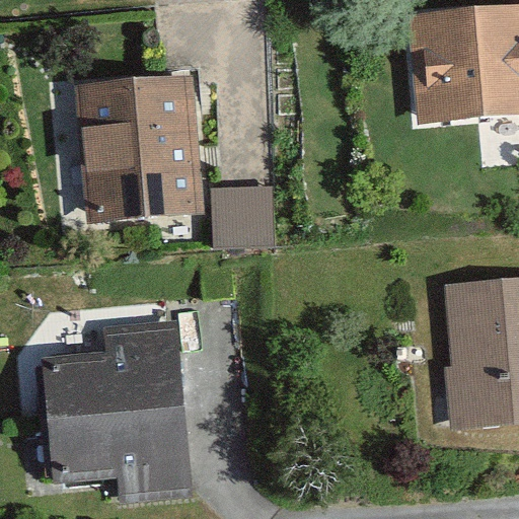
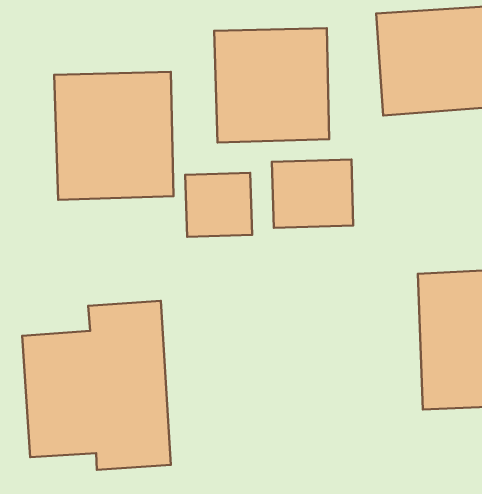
building: none -> [214,28,329,143]
building: none -> [272,159,353,228]

